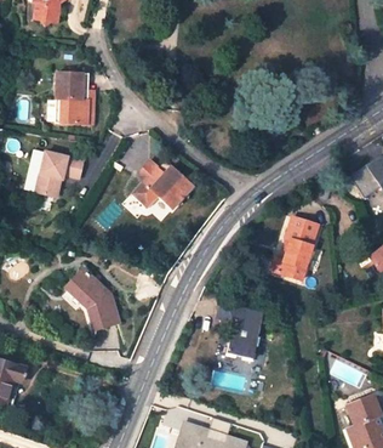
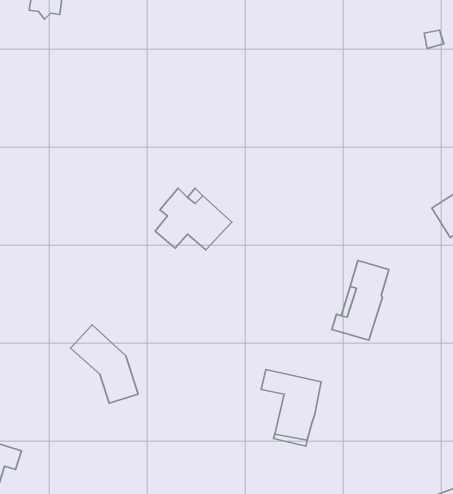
building: [56,72,88,124] -> none
building: [36,152,82,195] -> none

